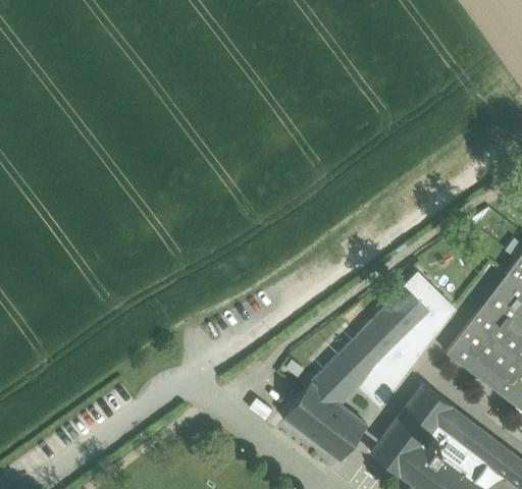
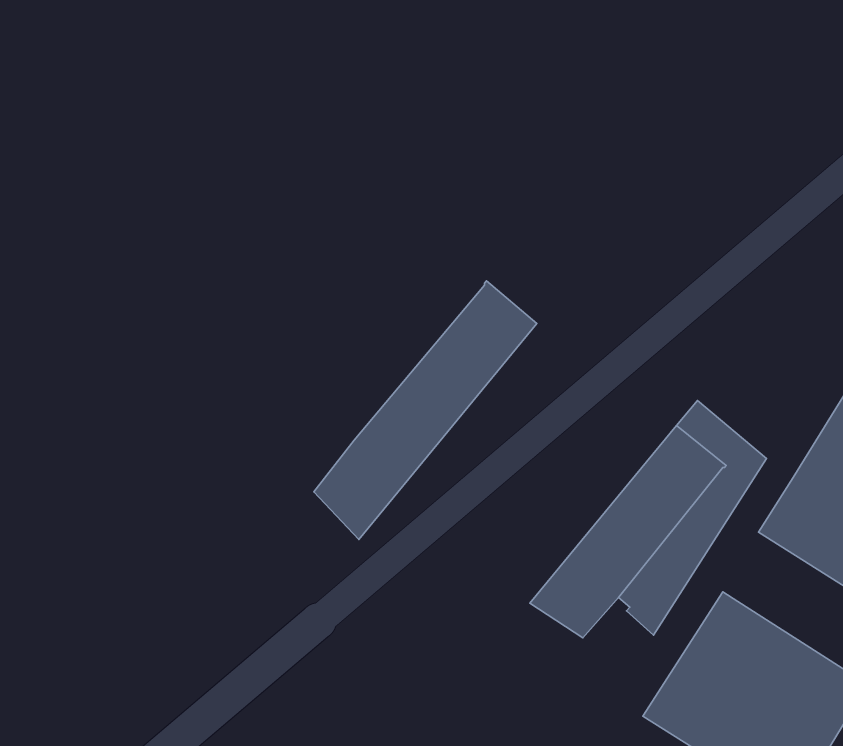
building: none -> [314,281,537,539]
building: [284,382,367,459] -> none

